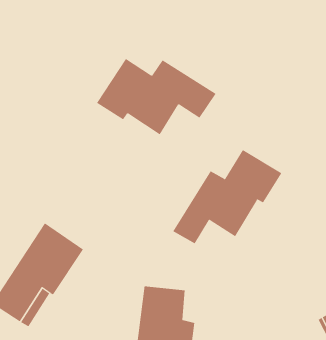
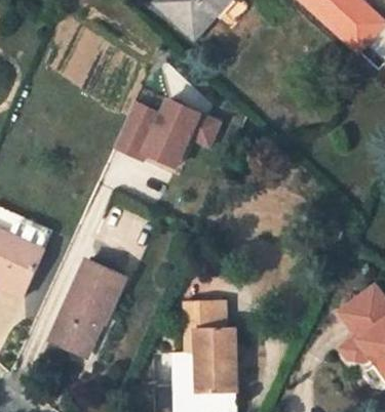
building: [172,149,282,244] -> none

